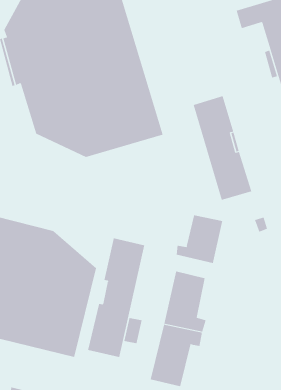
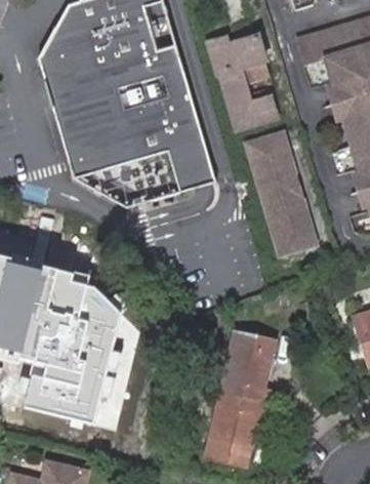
building: none -> [210,35,278,127]
building: [176,214,223,264] -> none
building: [87,238,145,358] -> none

